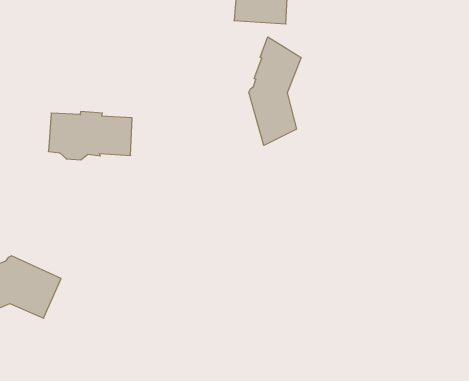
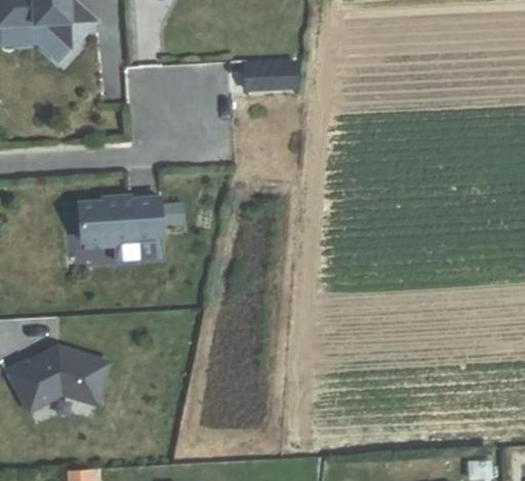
building: [249,37,301,145] -> none

